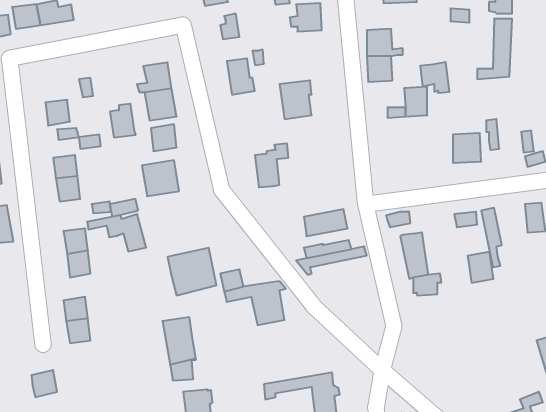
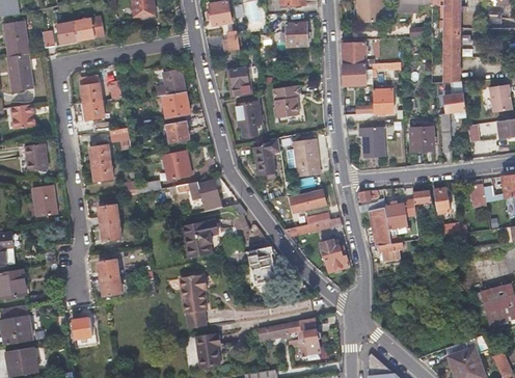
building: [420,62,450,93] -> [442,93,466,118]
building: none -> [235,92,260,135]
building: [110,104,136,137] -> [80,75,101,102]
building: none -> [358,126,385,157]
building: none -> [294,138,321,177]
building: [87,214,146,251] -> [173,180,221,210]
building: [468,252,493,283] -> [387,202,408,227]
building: none -> [321,240,348,273]

